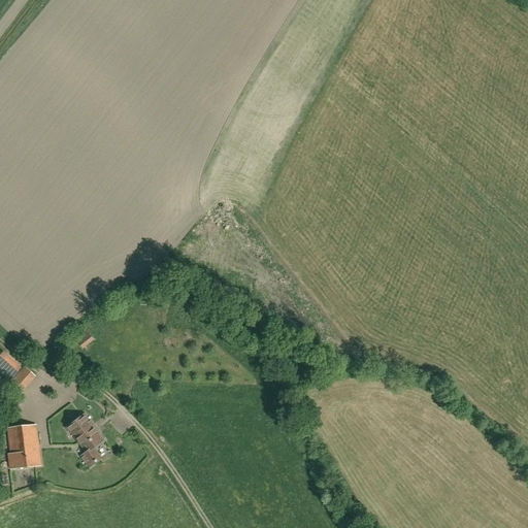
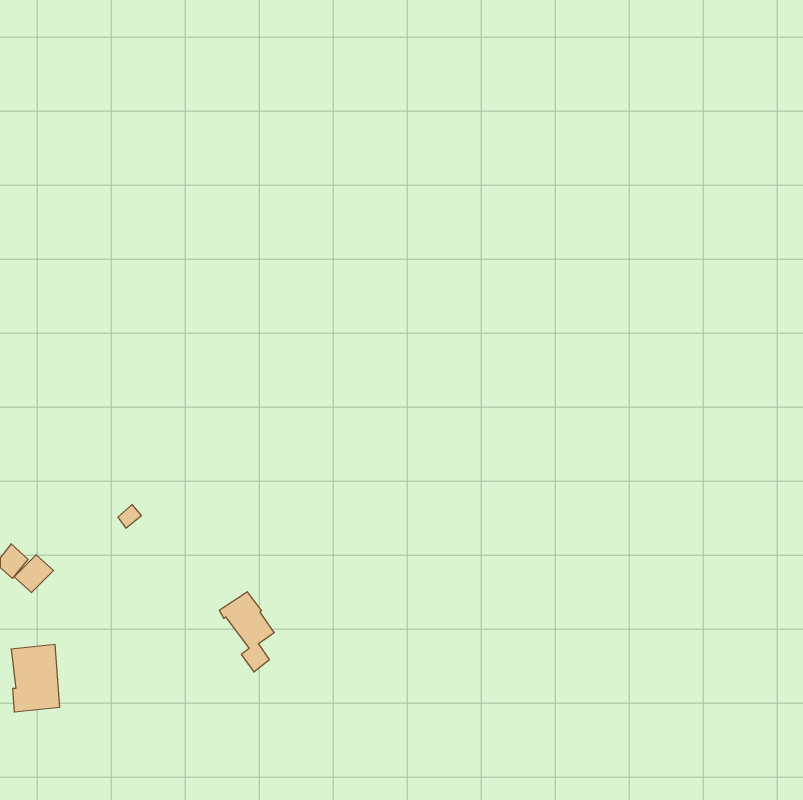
building: [66,415,102,467] -> [219,592,274,672]

